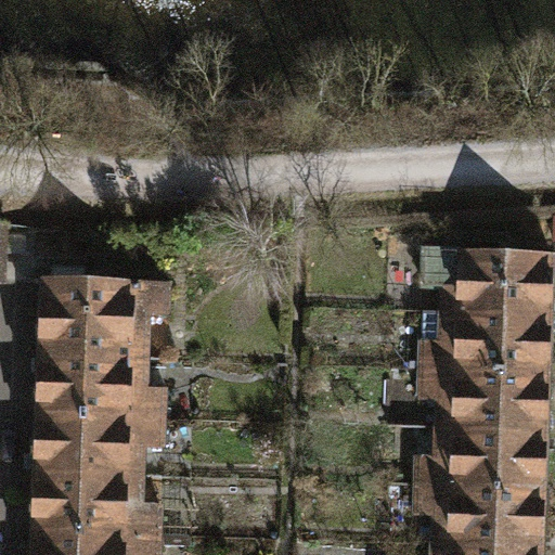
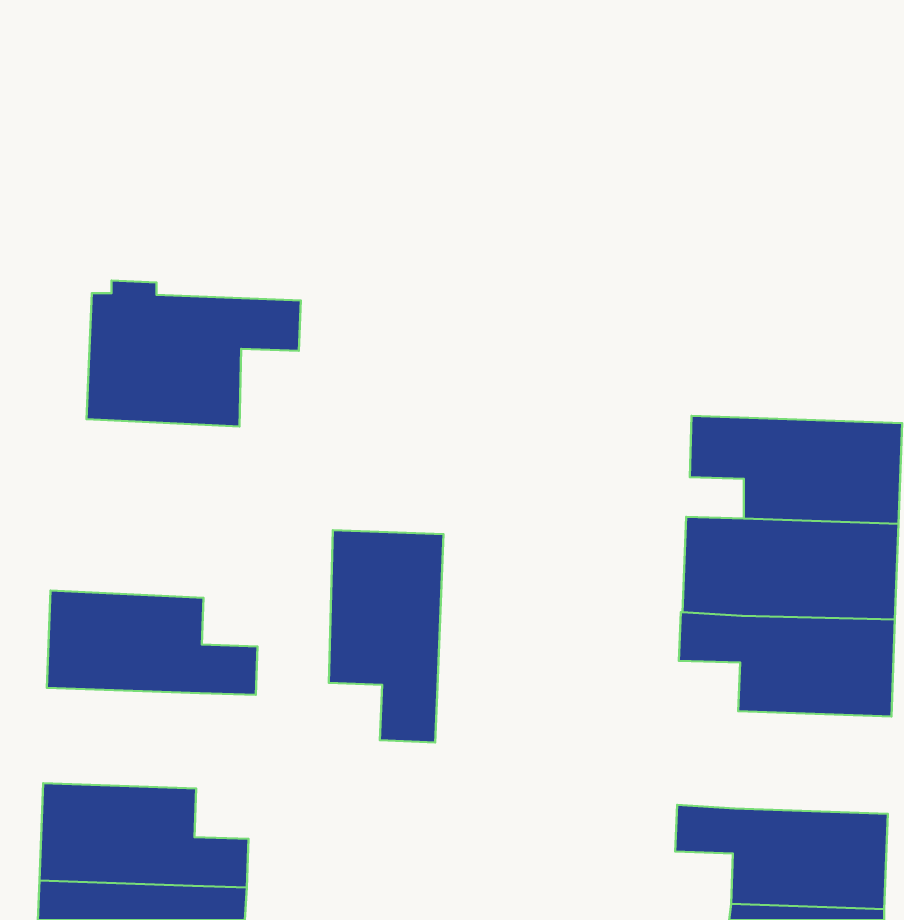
building: [40,272,169,360] -> [86,281,301,426]
building: none -> [329,530,443,742]
building: [36,414,164,475] -> none
building: [417,428,546,490] -> none

